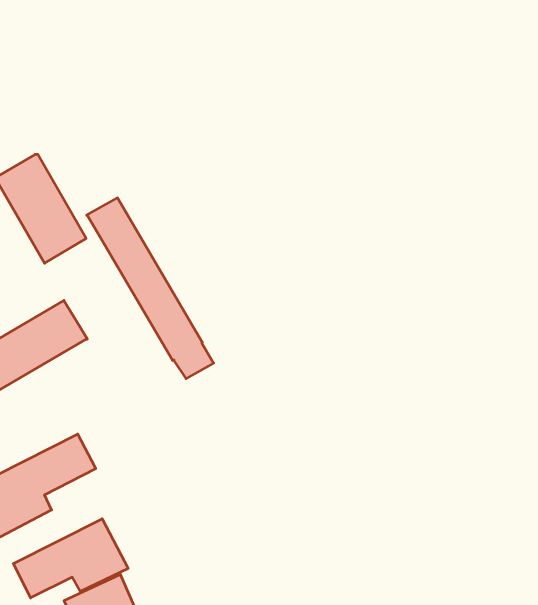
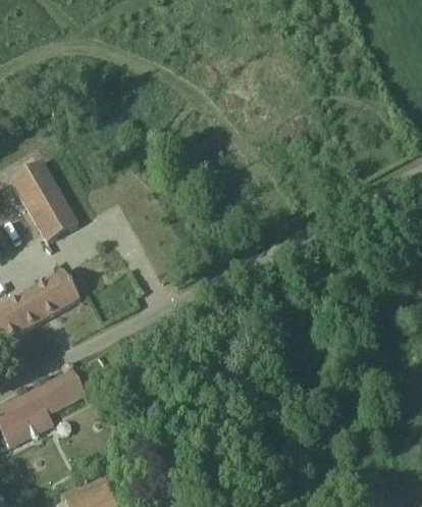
building: [87,198,214,379] -> none
building: [13,519,128,598] -> none

